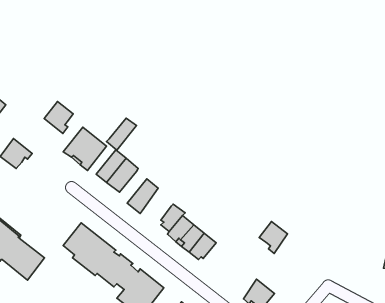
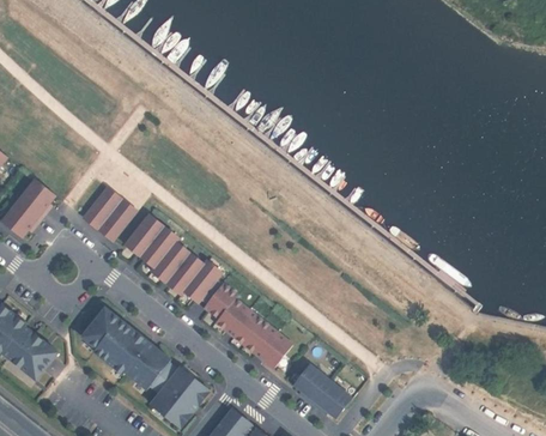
building: [44,102,73,133] -> [18,178,55,219]
building: [106,118,136,150] -> [150,242,188,283]
building: none -> [182,261,220,304]
building: [259,222,287,253] -> [292,364,328,405]
building: none -> [260,333,292,369]

